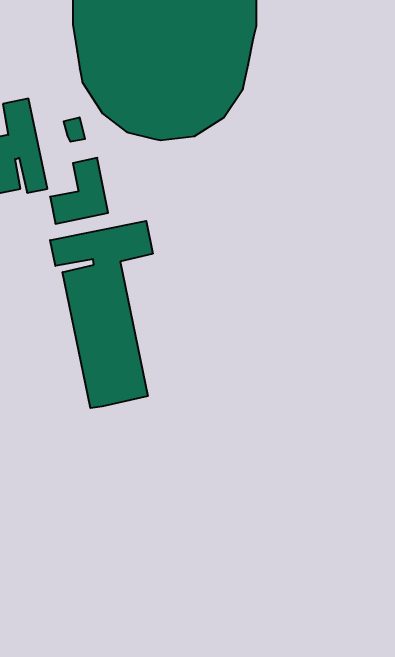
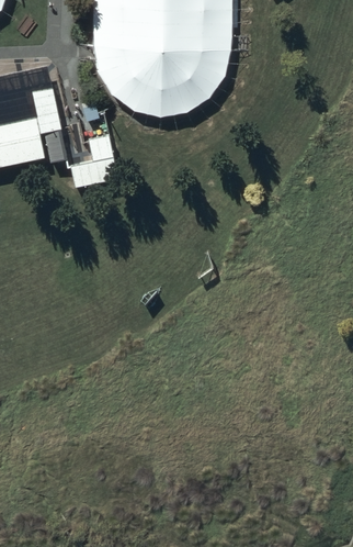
building: [50,221,153,408] -> none

